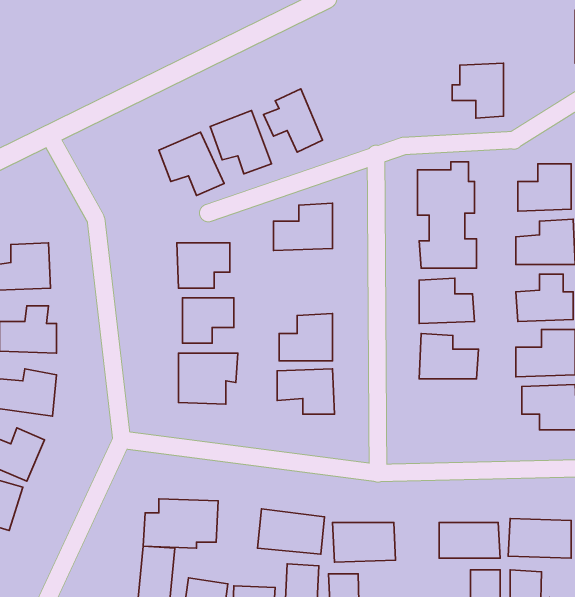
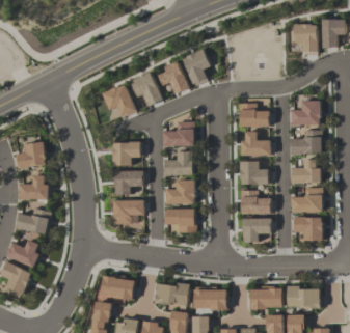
building: [452,63,503,118] -> [290,24,317,53]
building: none -> [182,49,213,85]
building: none -> [164,151,193,175]
building: none -> [242,218,271,243]

